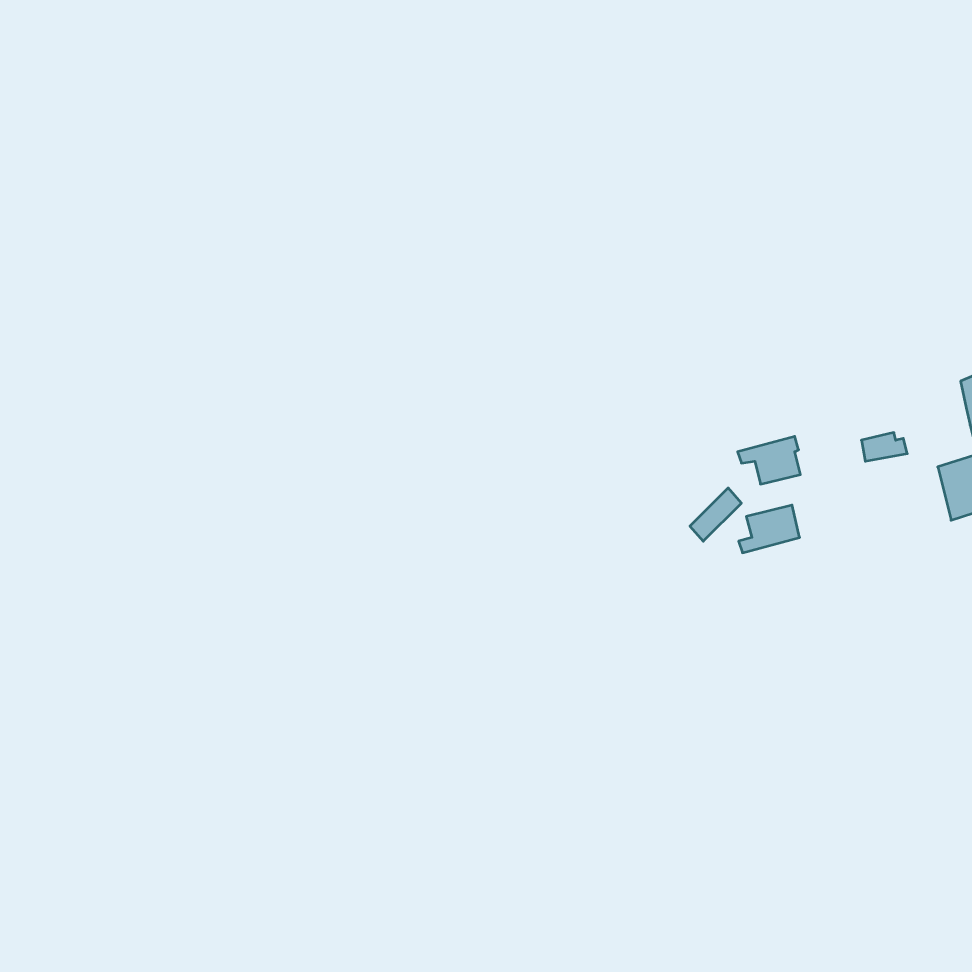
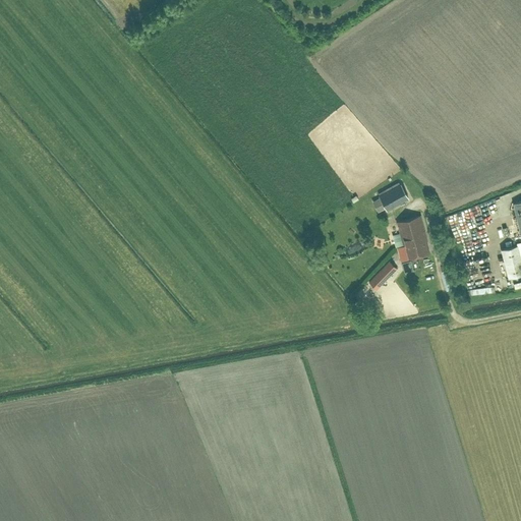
building: none -> [380,185,409,211]
building: [739,505,800,553] -> [393,217,425,242]

